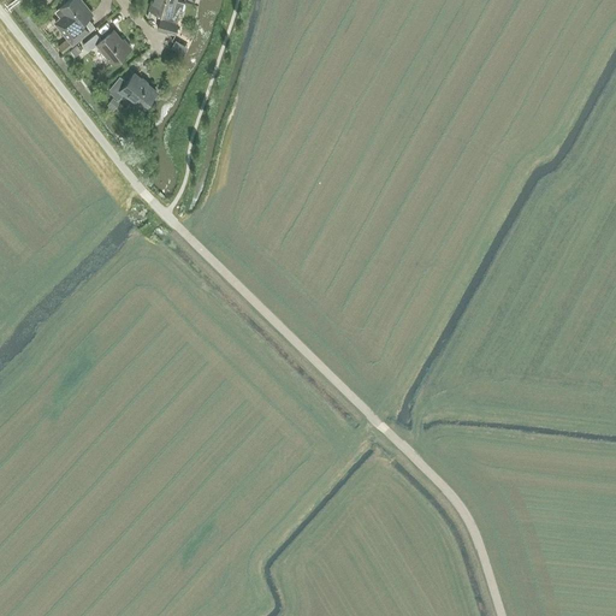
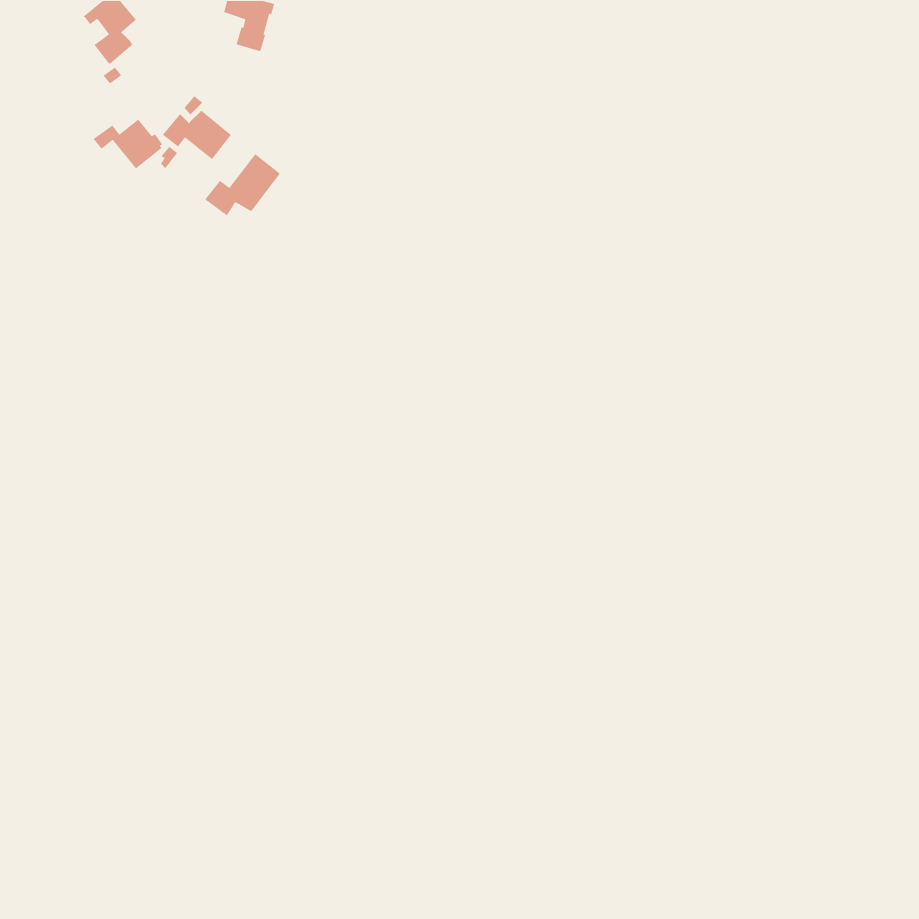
building: [83,29,130,64] -> [93,117,163,169]
building: none -> [204,153,281,216]

